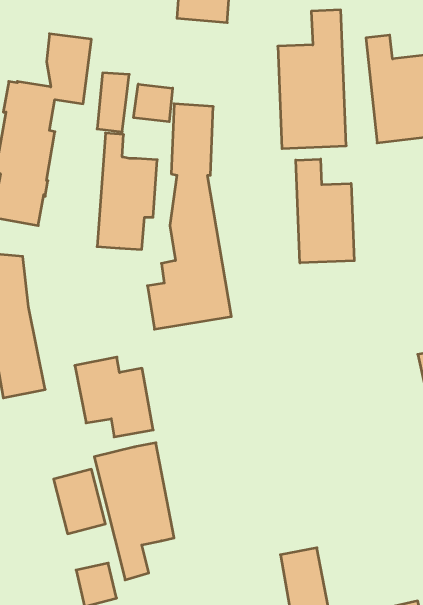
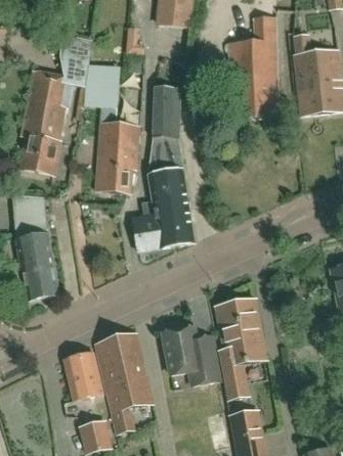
building: [134,84,173,122] -> none
building: [296,159,354,263] -> none
building: [75,357,153,437] -> [163,326,220,384]
building: none -> [214,295,267,399]

